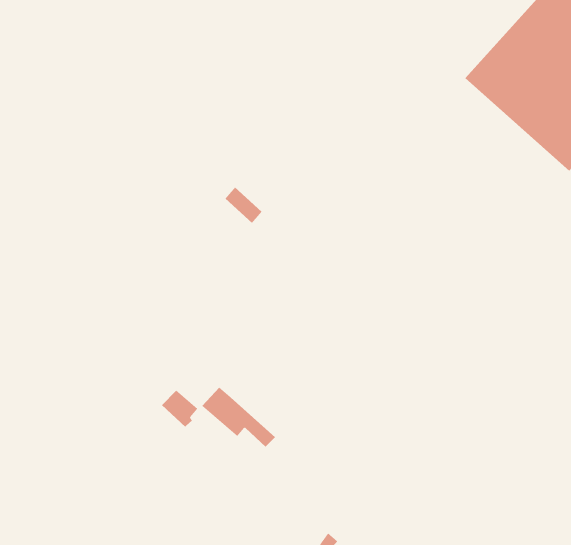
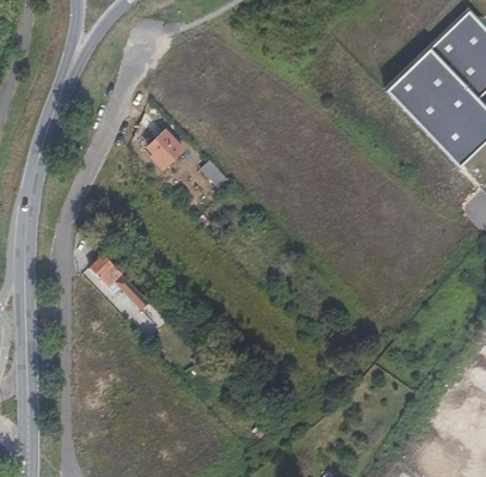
building: none -> [147,129,183,167]
building: [201,387,276,448] -> [98,264,152,312]

